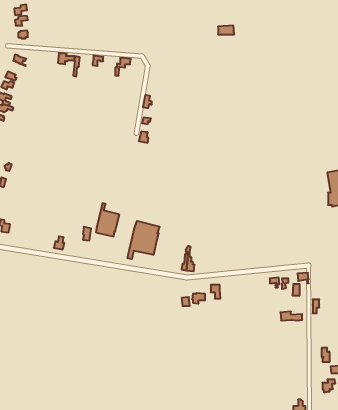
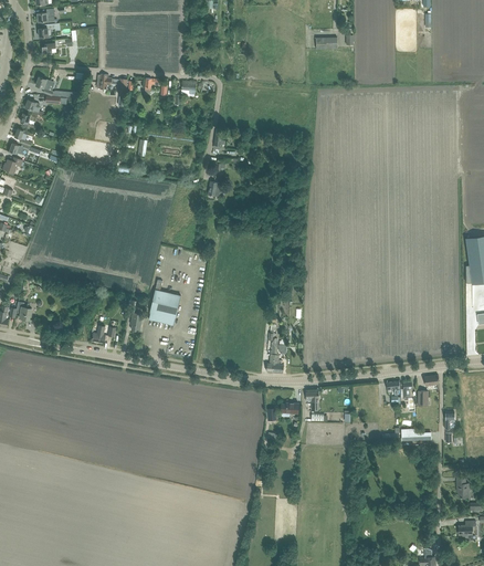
building: [128,221,160,259] -> none

